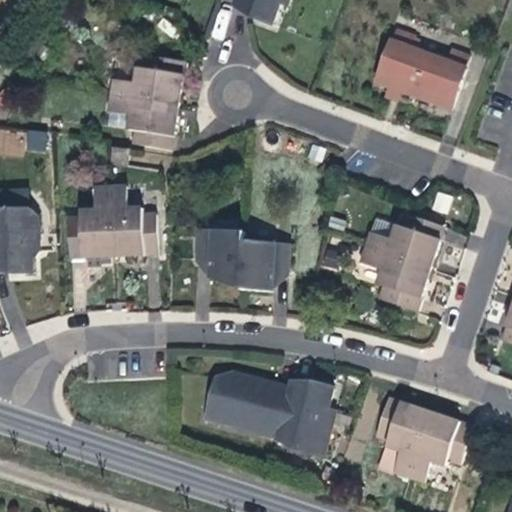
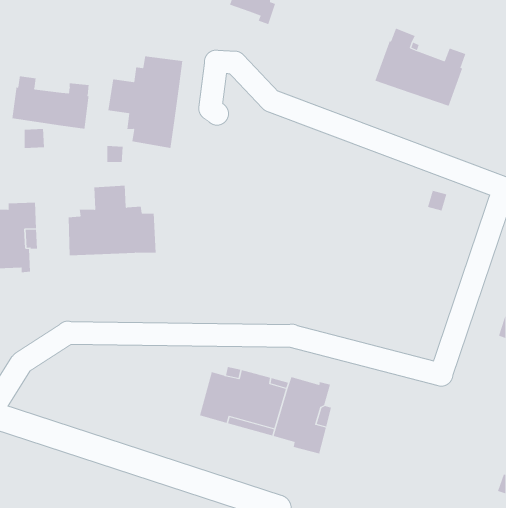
building: none -> [12,75,89,129]
building: [360,214,444,310] -> none
building: [194,228,287,290] -> none
building: [375,396,471,480] -> none

